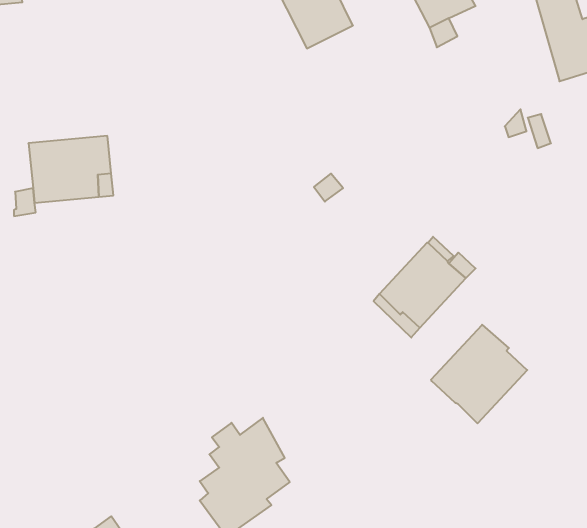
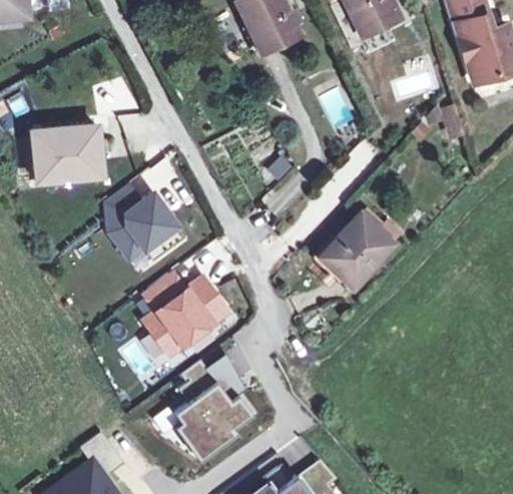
building: none -> [105,189,187,276]
building: none -> [143,273,228,354]
building: [431,325,527,423] -> none

